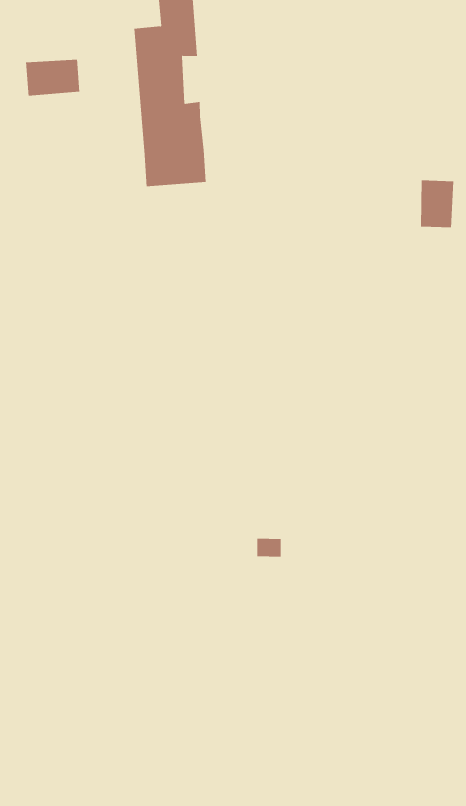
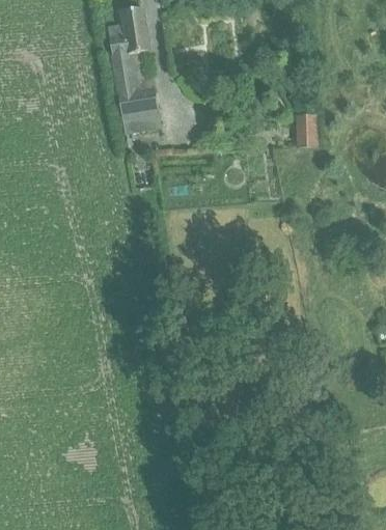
building: [25,59,80,97] -> none

